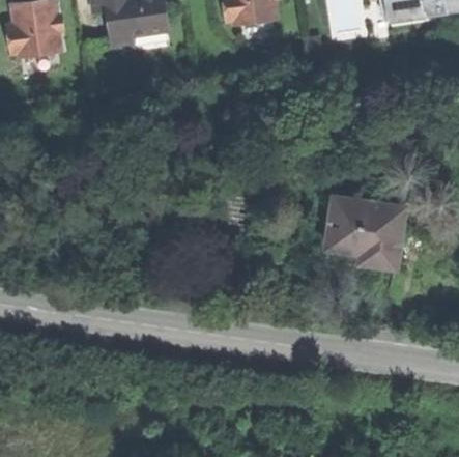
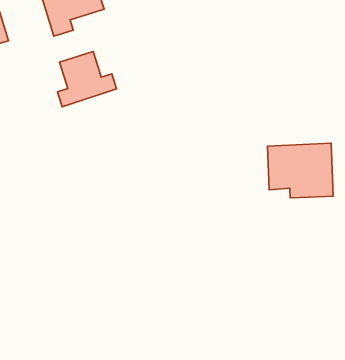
building: none -> [57,52,117,107]

